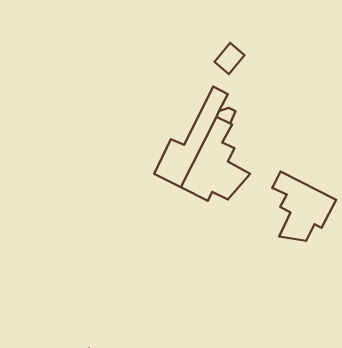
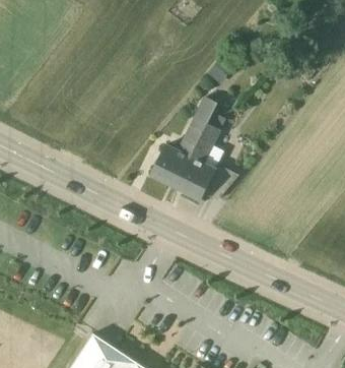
building: [272,171,336,241] -> none

